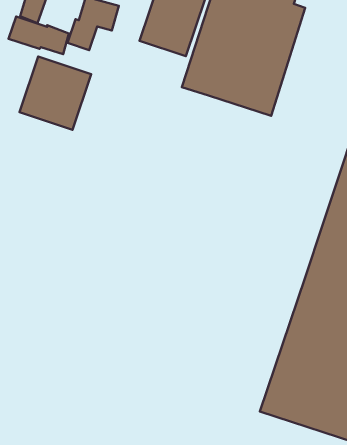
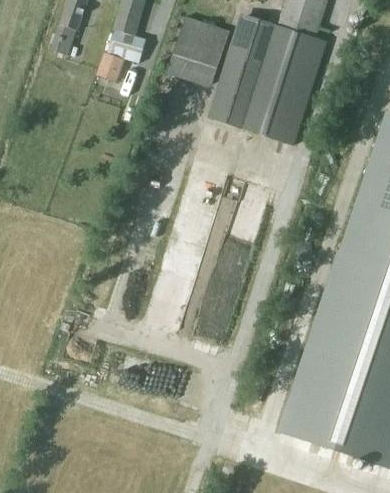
building: [9,17,69,54] -> none
building: [20,56,91,130] -> none

